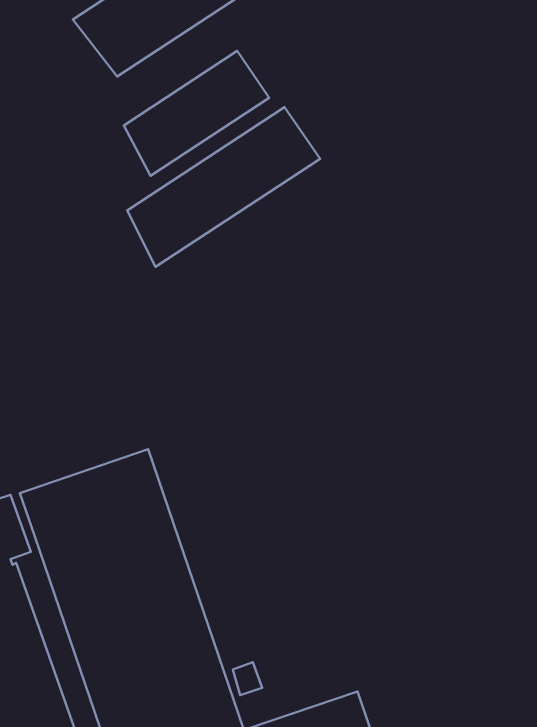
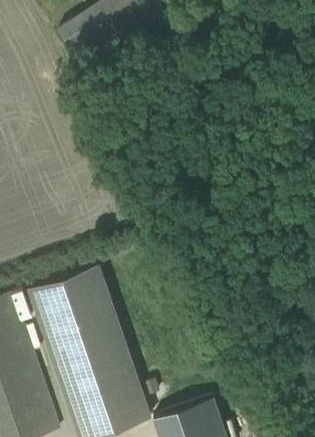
building: [124,51,269,176] -> none
building: [127,107,320,267] -> none

